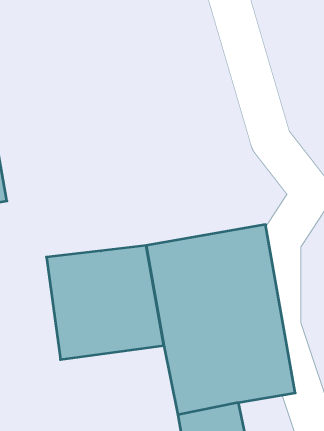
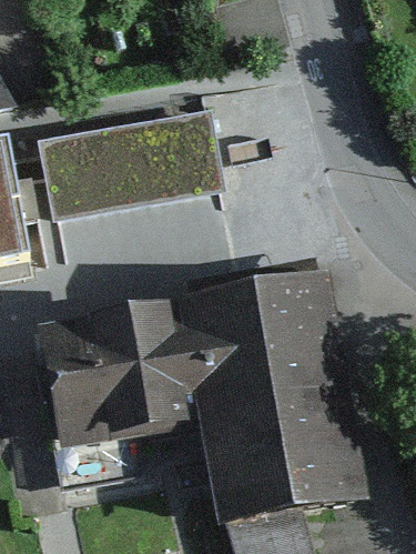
building: none -> [20,104,207,218]

